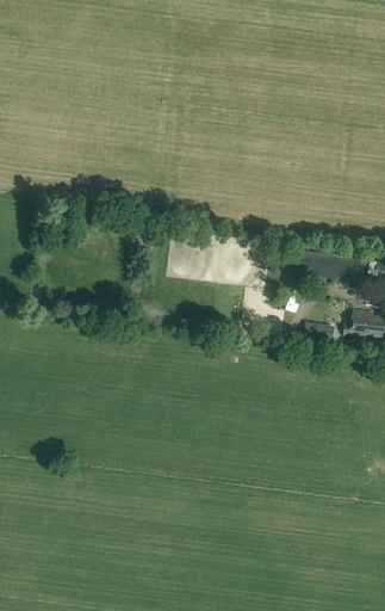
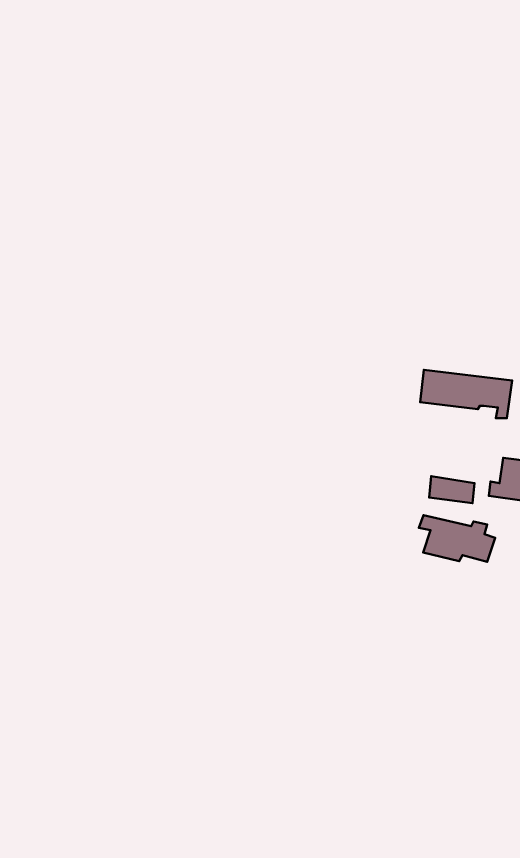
building: none -> [419,515,495,562]

